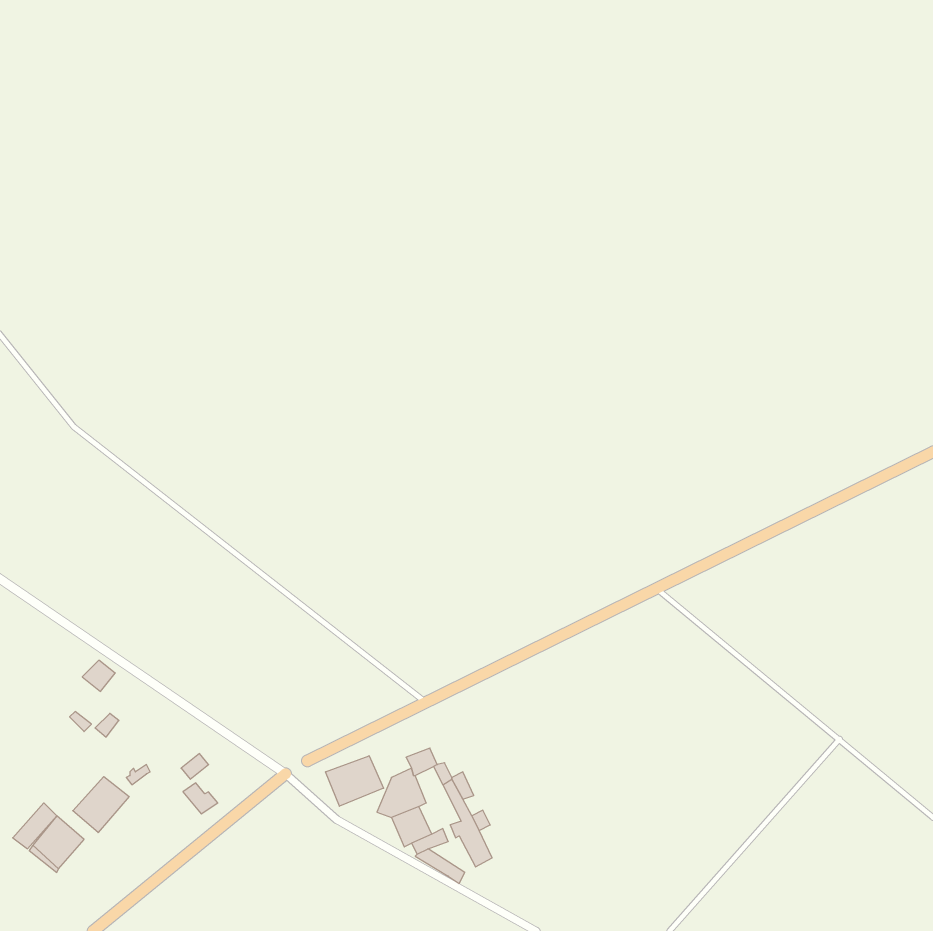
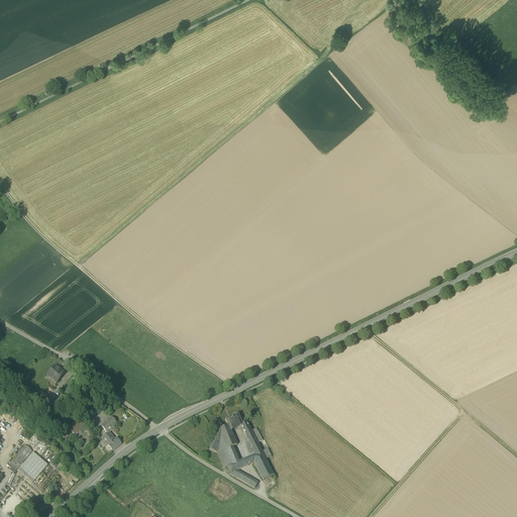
building: [326,756,384,806] -> none
building: [73,777,129,833] -> none

